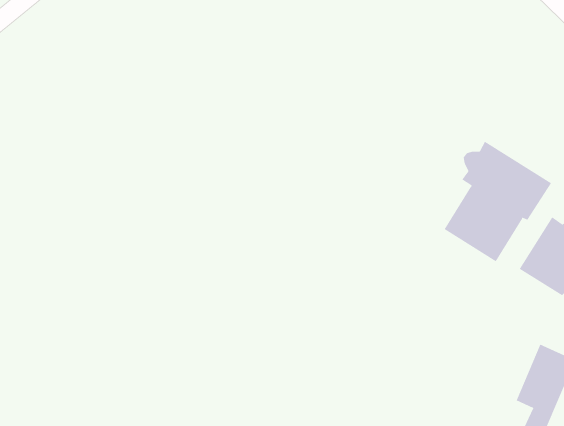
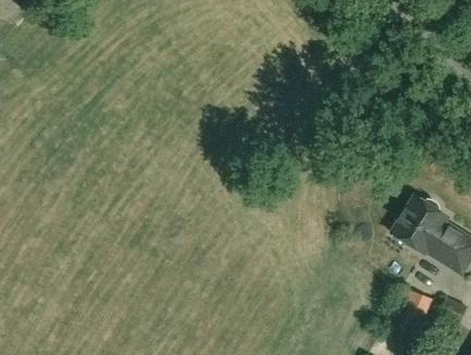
building: [444,141,552,262] -> none

